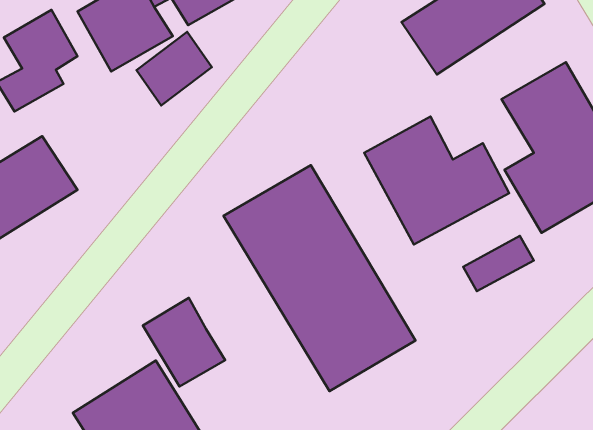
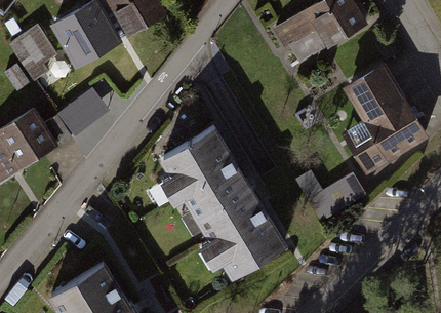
building: [137,32,212,106] -> [57,88,108,138]
building: [364,117,509,244] -> none
building: [143,298,225,386] -> none

